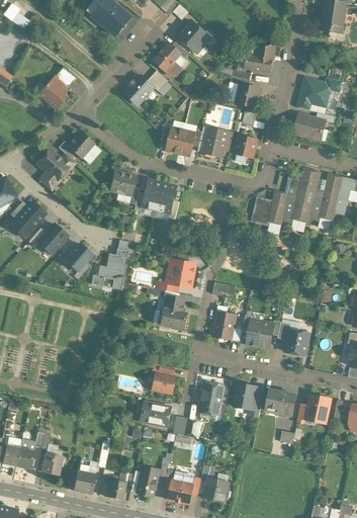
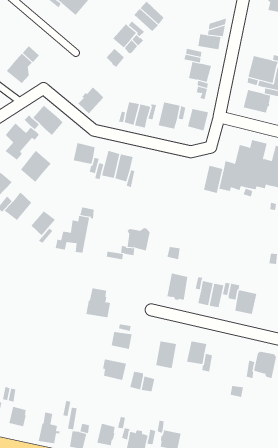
building: [124,75,153,104] -> [77,87,104,114]
building: none -> [20,150,51,183]
building: [160,296,187,329] -> [85,288,111,318]
building: [265,390,294,416] -> none

